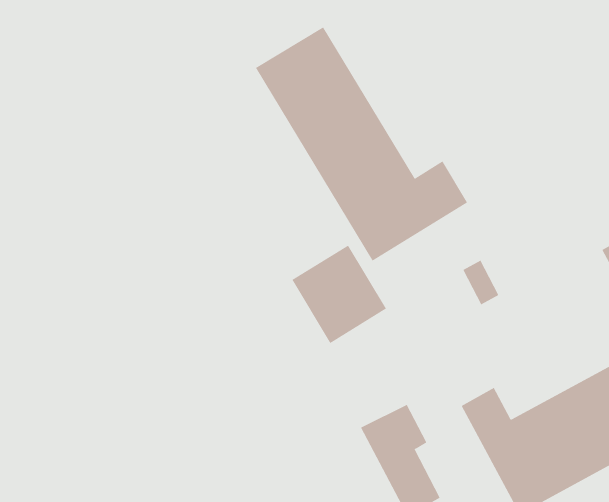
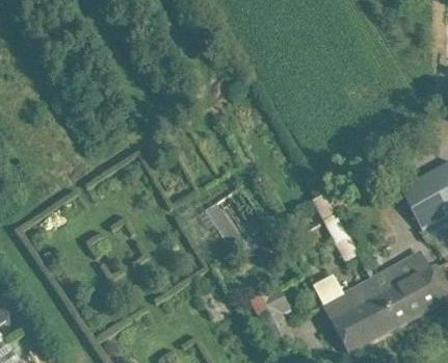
building: [255,26,468,261] -> none

